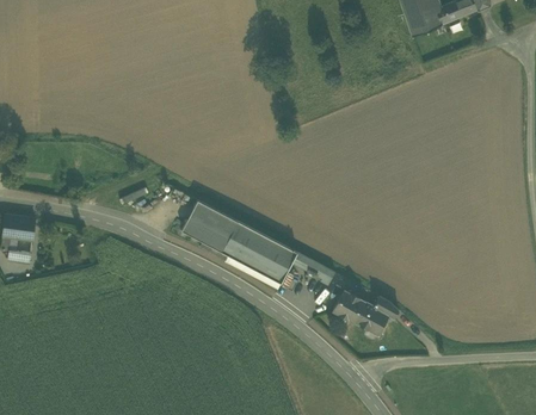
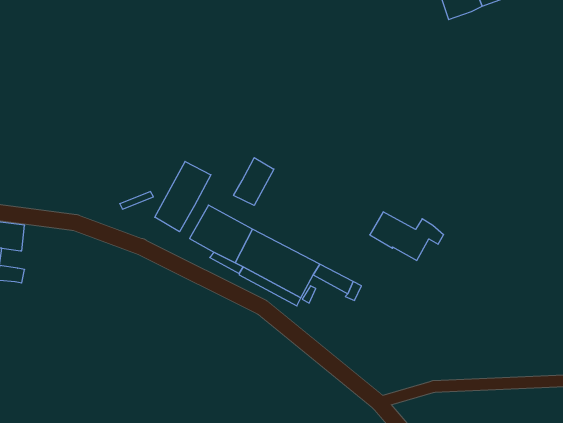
building: none -> [234,158,274,205]
building: none -> [155,161,211,232]
building: [333,289,399,332] -> [370,212,444,260]

